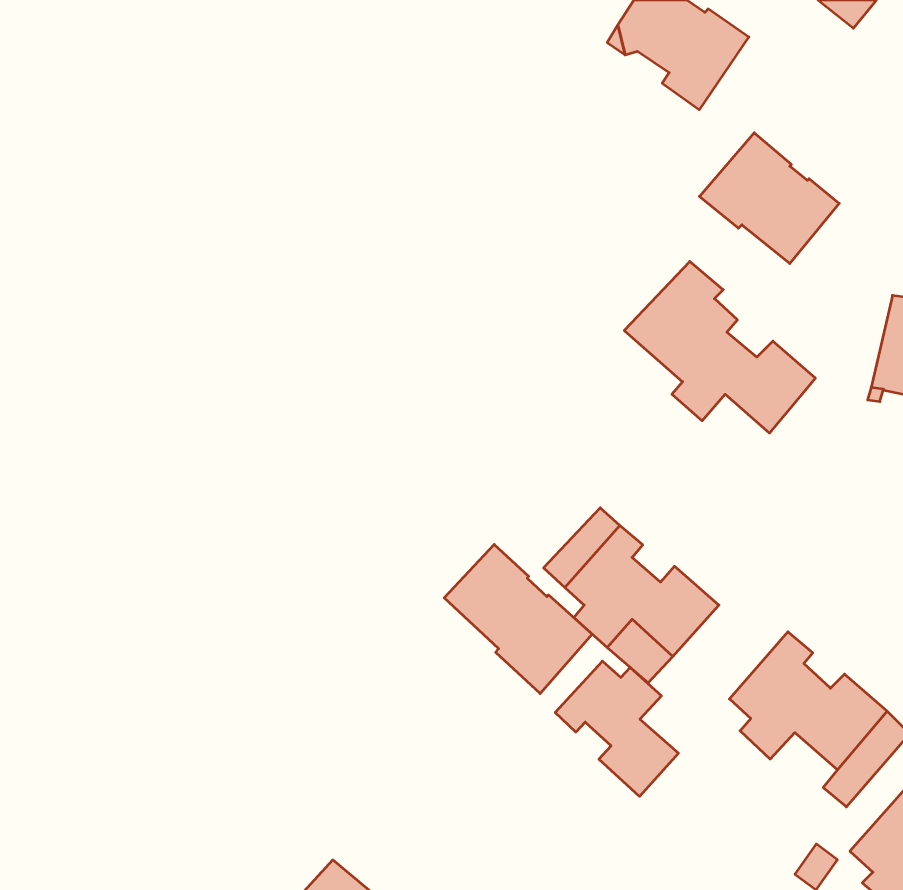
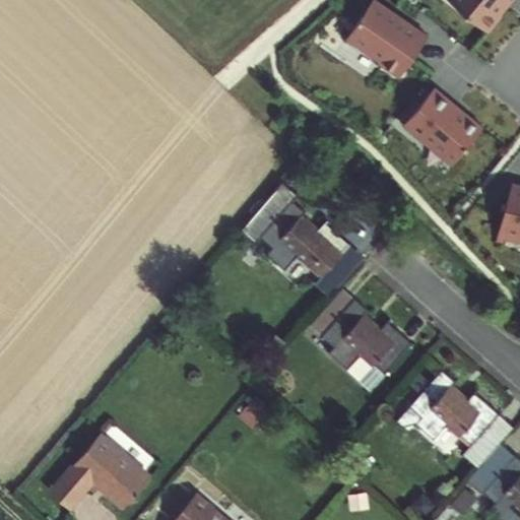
building: [624,261,815,433] -> [242,186,351,284]
building: [444,544,592,694] -> none
building: [555,661,678,796] -> none
building: none -> [45,440,144,515]

